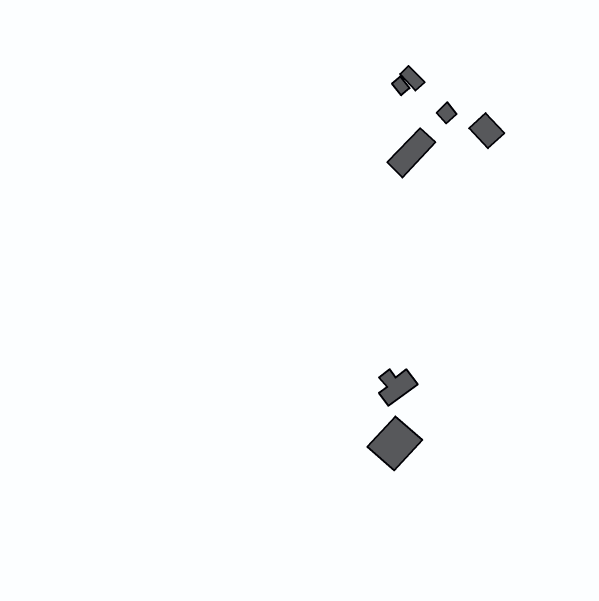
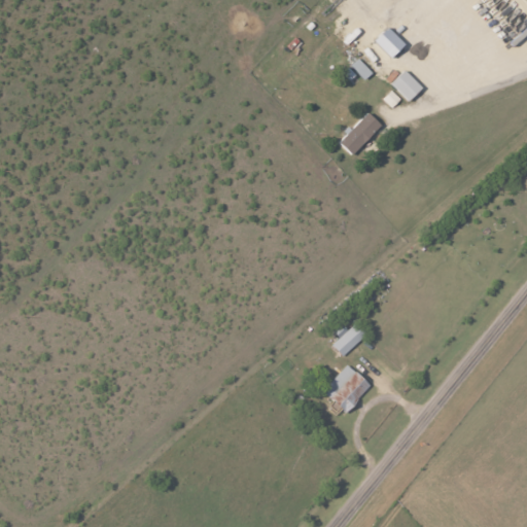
building: none -> [375,27,407,58]
building: [469,113,504,148] -> [392,70,423,101]

